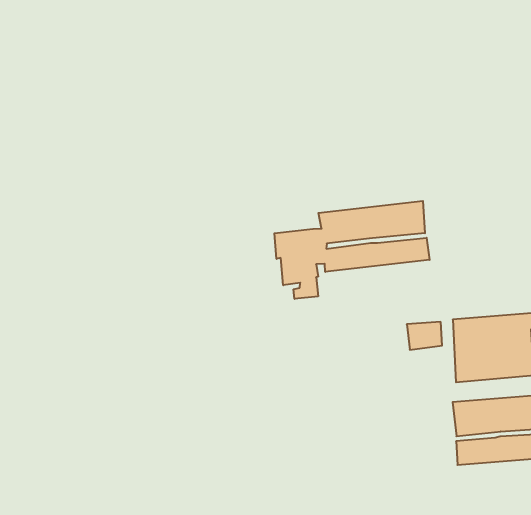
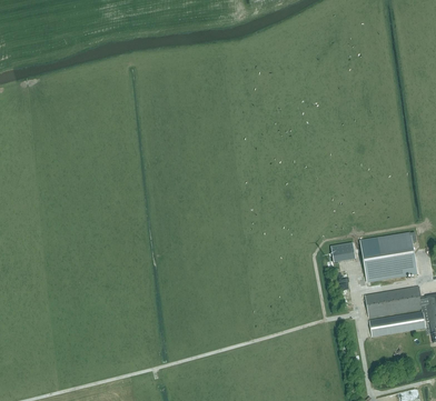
building: [274,201,430,299] -> none

